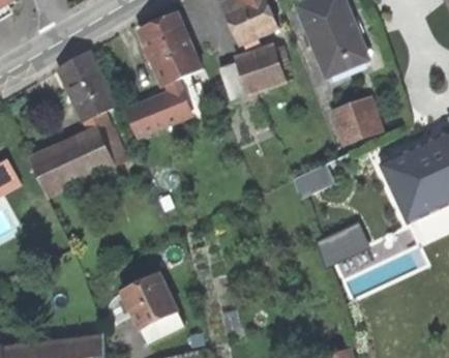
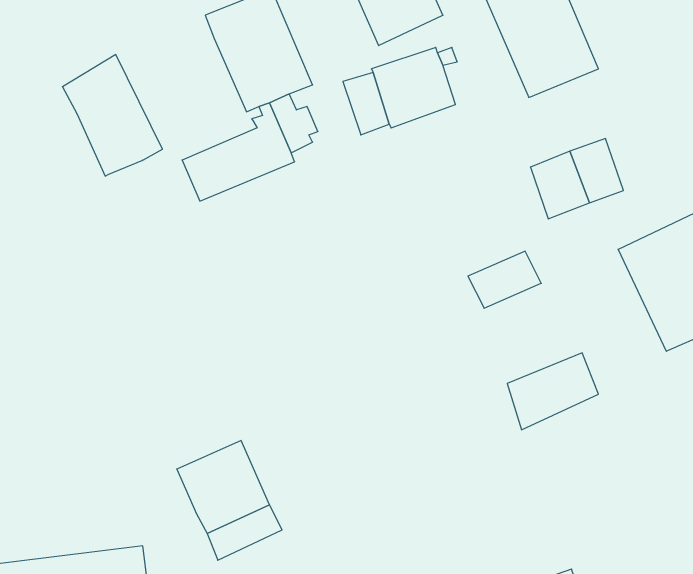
building: [30,112,125,197] -> none

